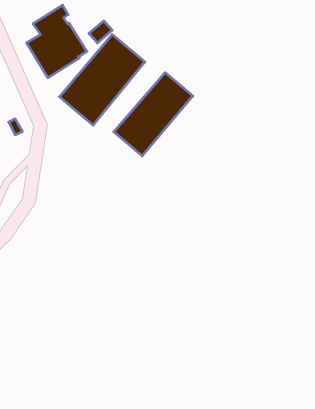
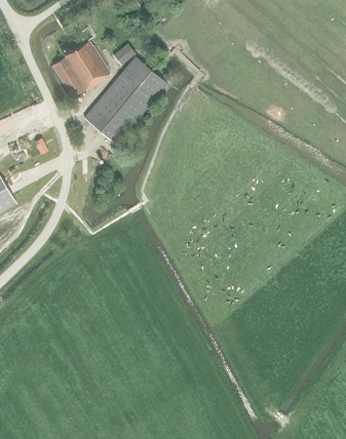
building: [114,73,193,156] -> none

